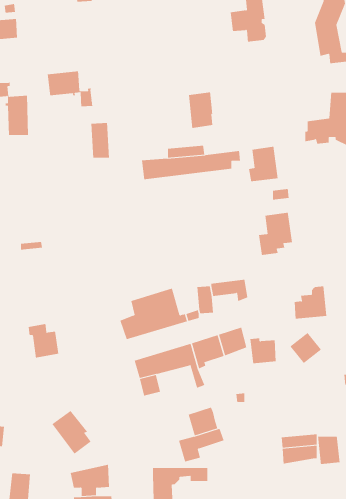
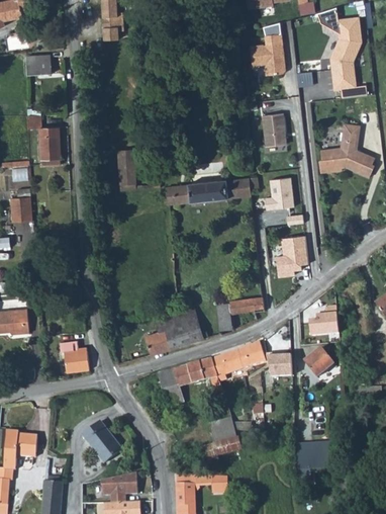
building: [47,70,93,107] -> none
building: [188,92,213,128] -> [261,114,284,149]
building: [318,436,340,465] -> none

